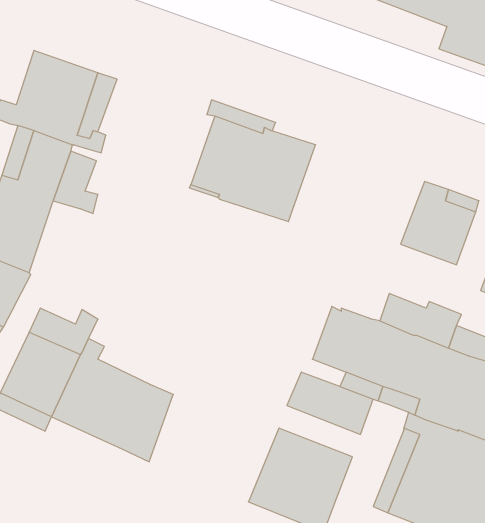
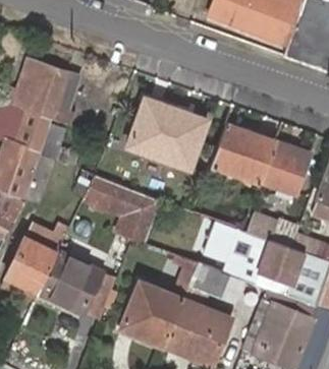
building: none -> [211,125,275,183]
building: none -> [81,174,160,243]
building: none -> [119,282,182,346]

